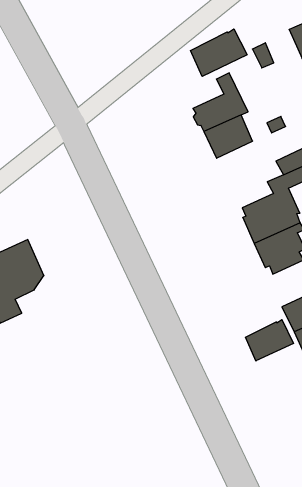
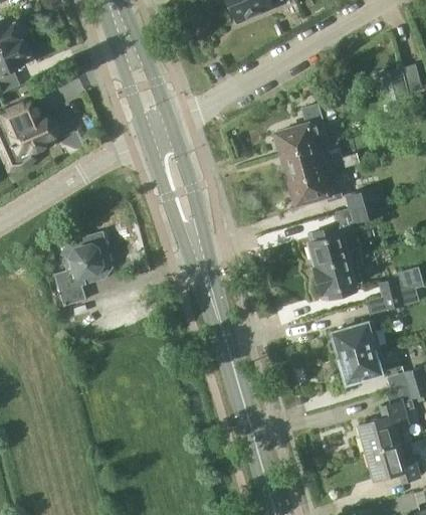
building: [191,29,247,76] -> none
building: none -> [290,171,343,205]
building: [246,320,294,361] -> none

